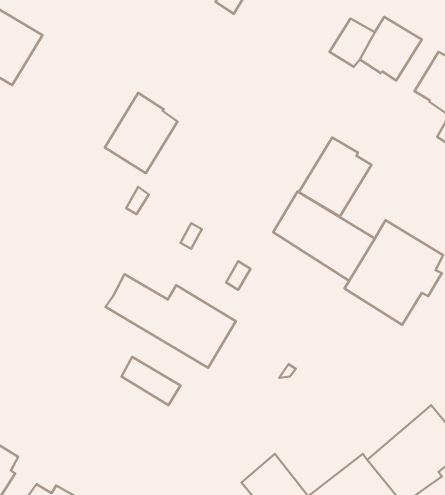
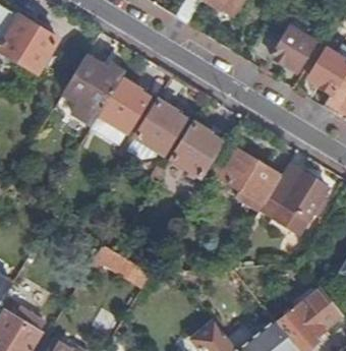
building: none -> [65,56,125,124]
building: none -> [136,99,185,153]
building: [299,137,372,216] -> [173,122,222,175]
building: [105,274,236,368] -> none

